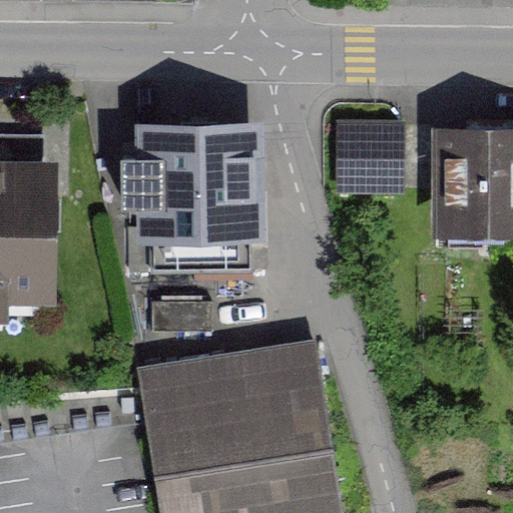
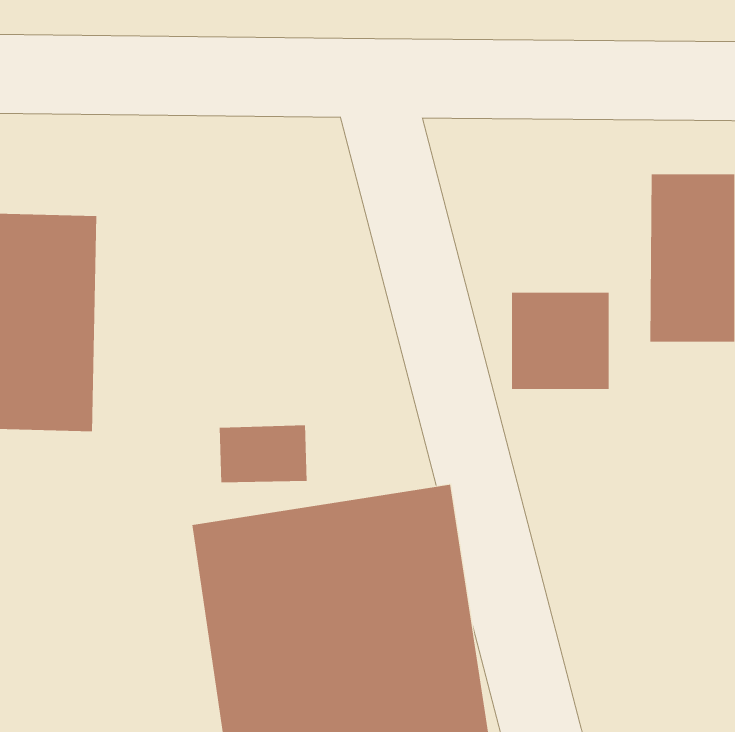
building: [338,121,406,188] -> [511,292,610,389]
building: [125,122,262,245] -> none

